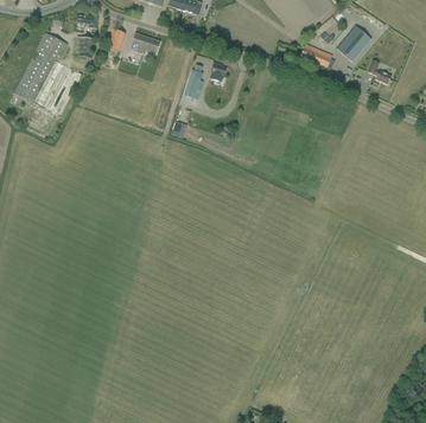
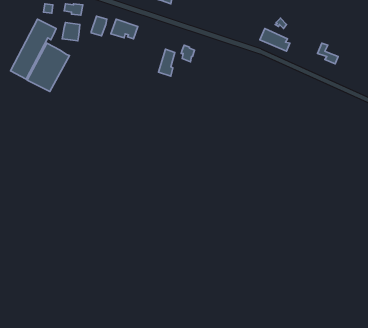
building: [336,25,370,60] -> none

